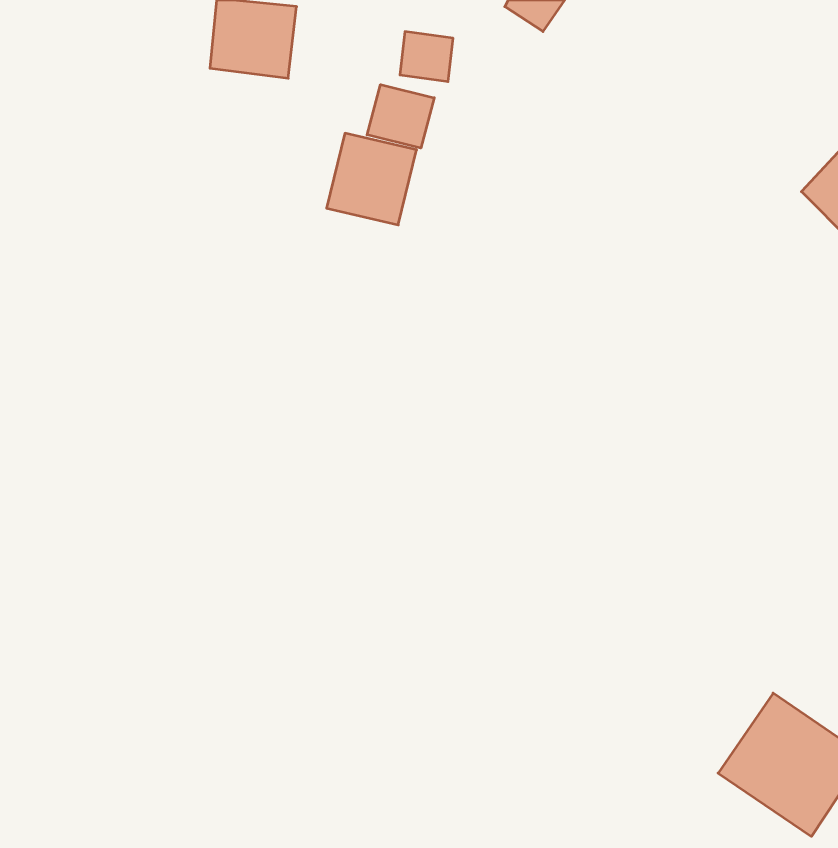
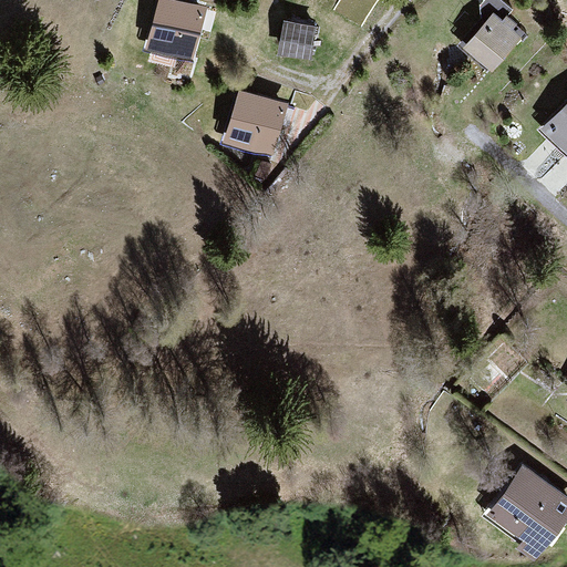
building: none -> [465,16,523,74]
building: [367,85,434,148] -> none

